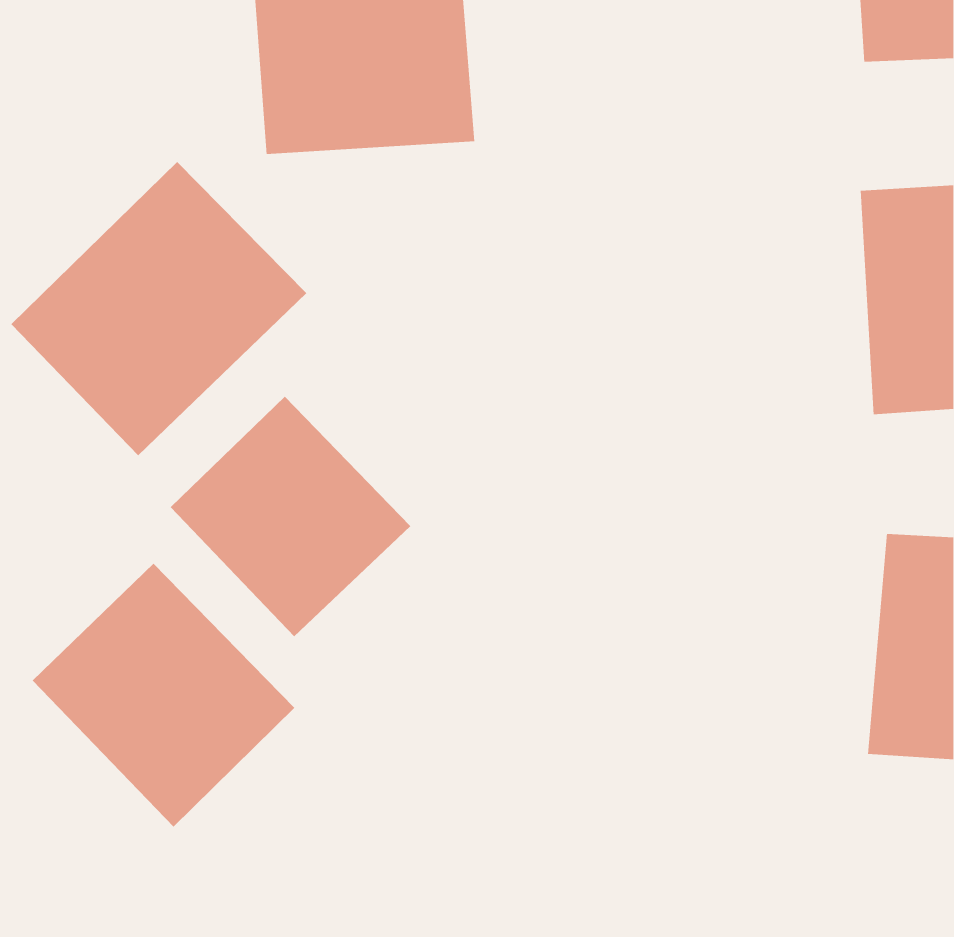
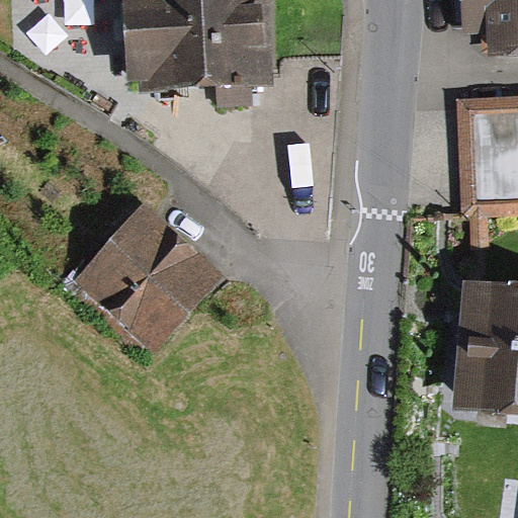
building: [10,161,307,456] -> none
building: [32,563,295,828] -> none

